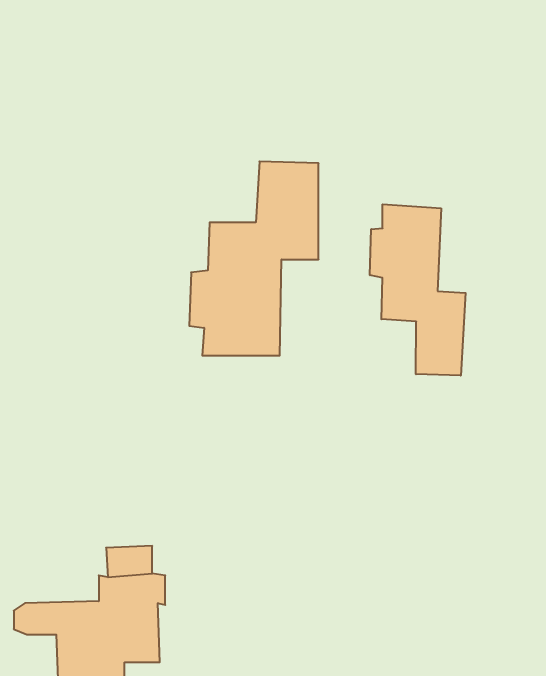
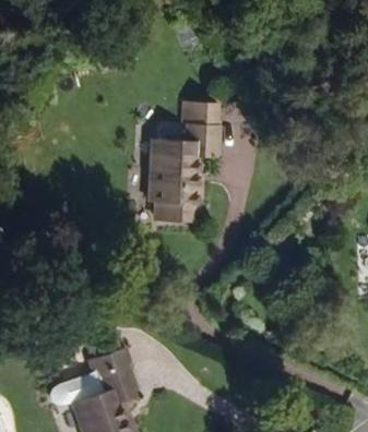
building: [370,204,466,376] -> none

